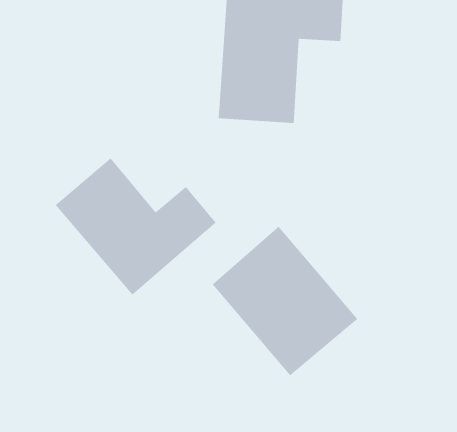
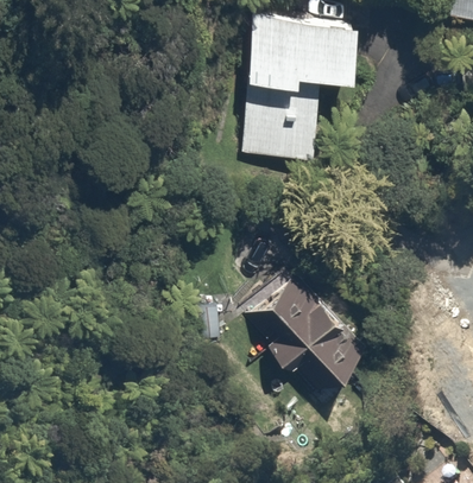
building: [55,157,217,295] -> none

